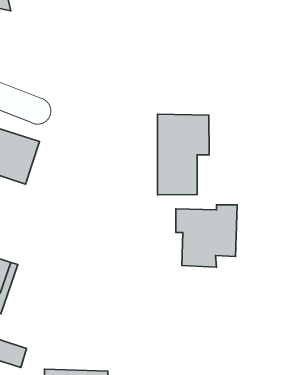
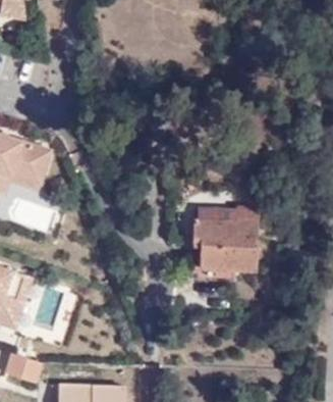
building: [157,114,209,195] -> none

